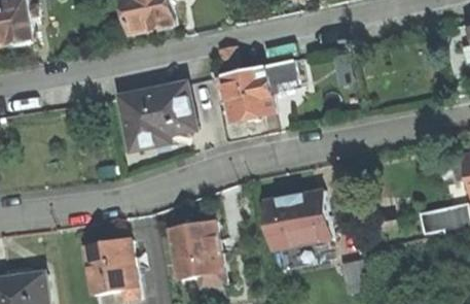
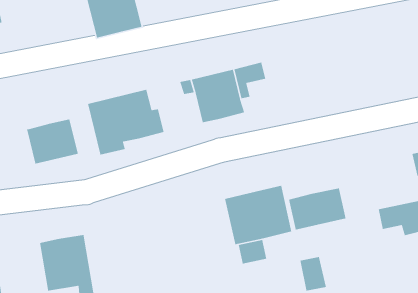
building: none -> [26,119,79,164]
building: none -> [288,187,346,230]
building: [165,215,219,282] -> none

